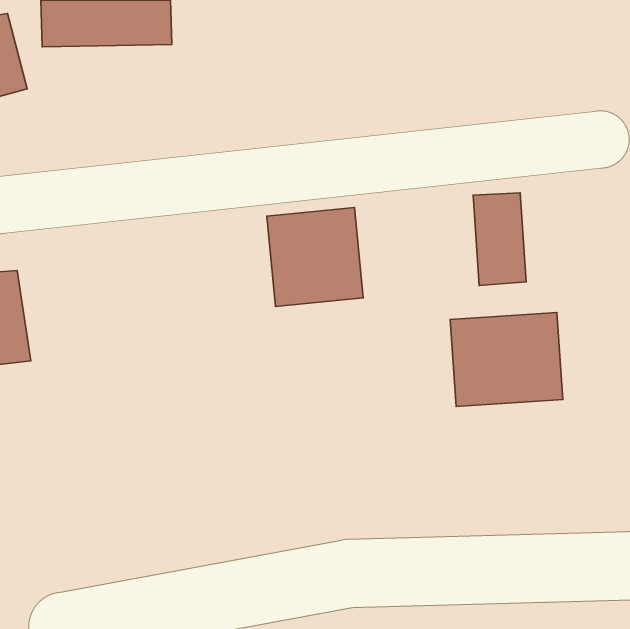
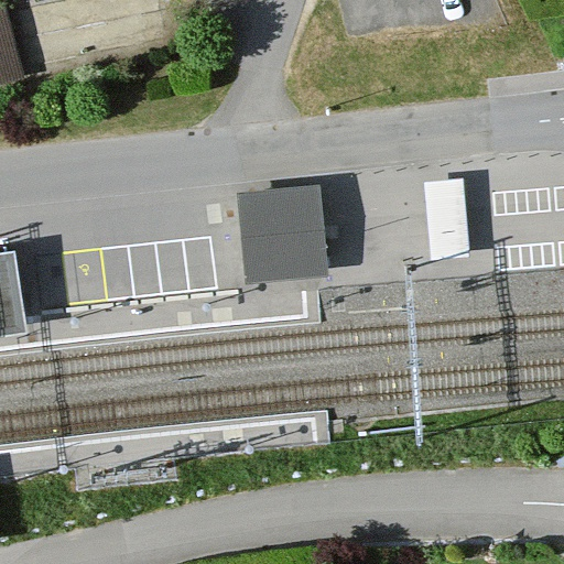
building: [450,313,563,407] -> none

